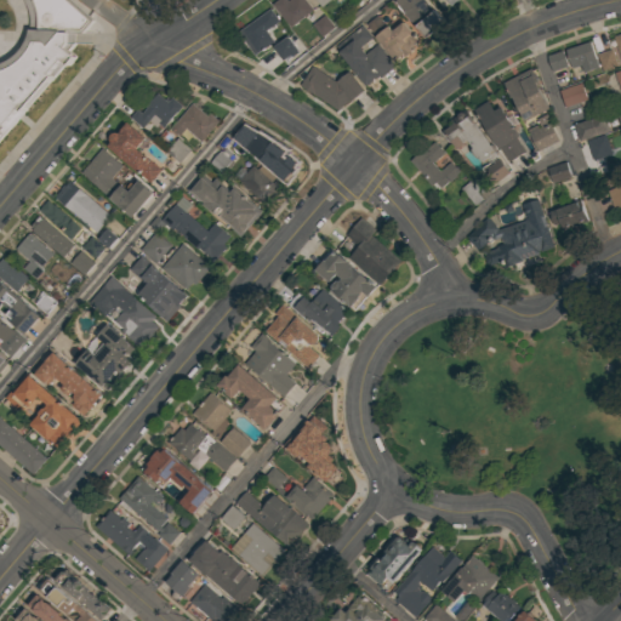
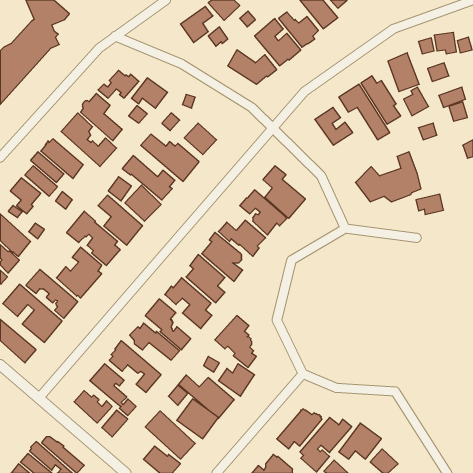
building: [260,142,296,177] -> none
building: [551,201,587,228] -> [416,194,444,215]
building: [165,560,198,598] -> none

